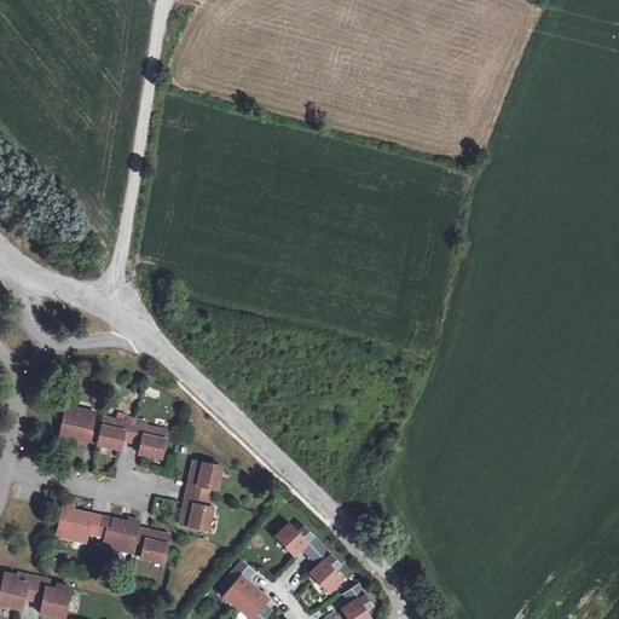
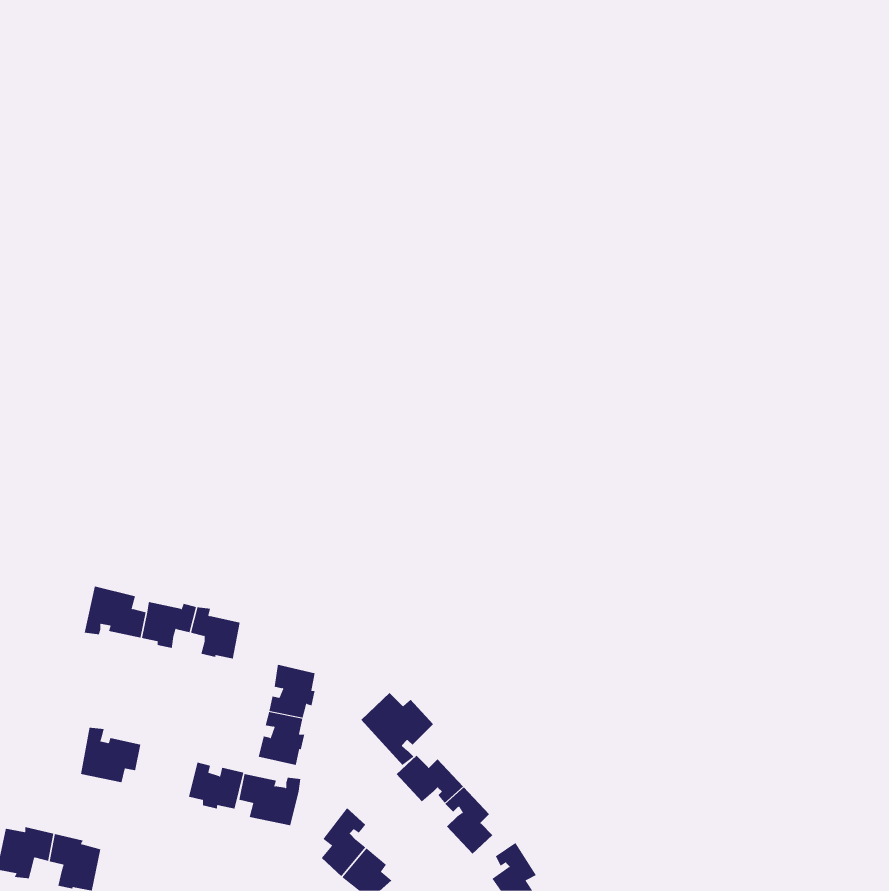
building: none -> [361,692,434,766]
building: [94,516,138,553] -> [239,774,301,826]

